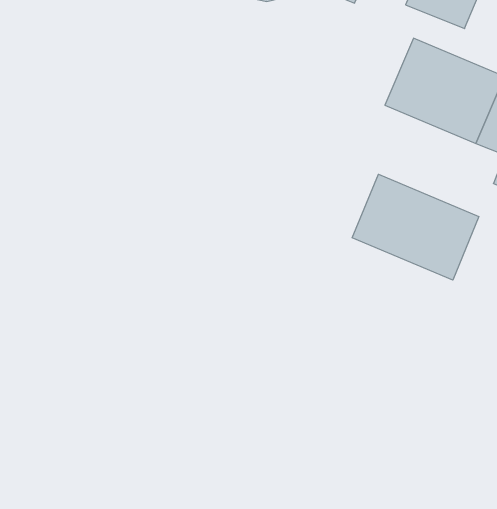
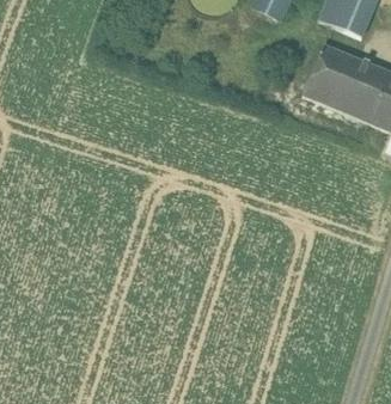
building: [352,174,479,280] -> none

